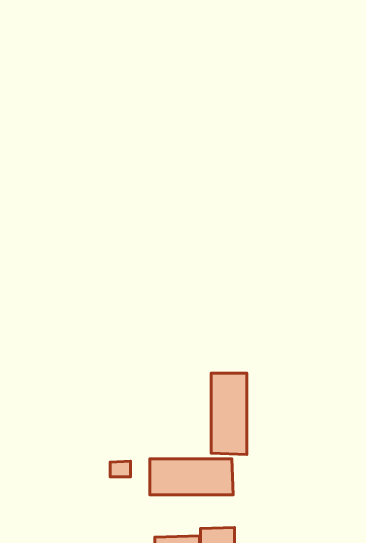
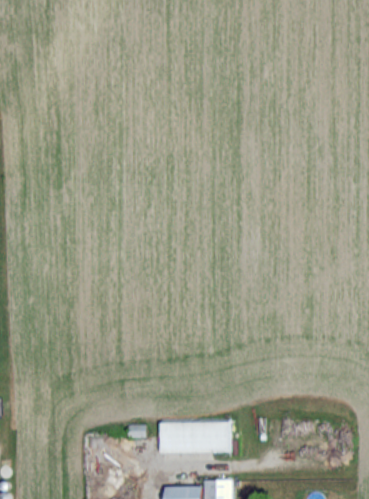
building: [211,373,247,454] -> none

